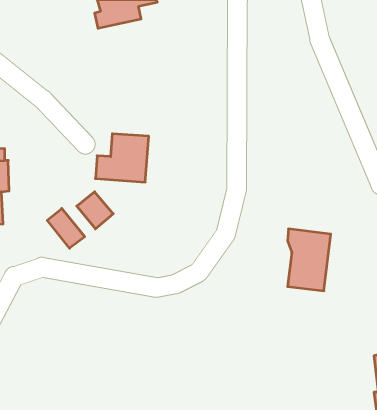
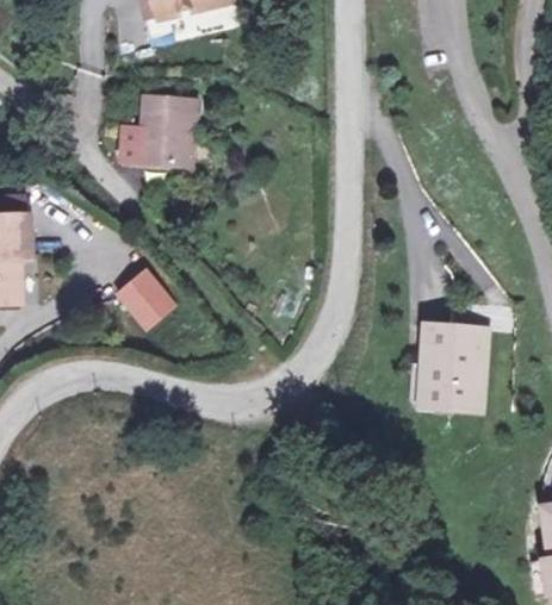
building: [95,134,149,182] -> [131,93,206,161]
building: [47,208,85,248] -> none

